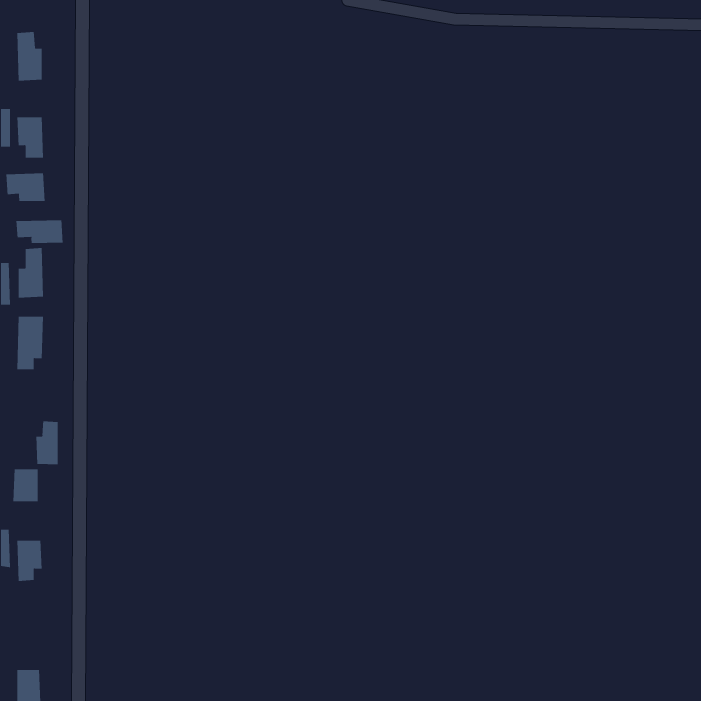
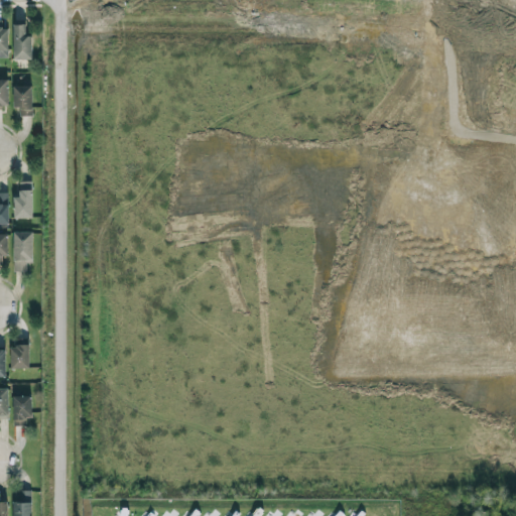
building: [6,173,45,202] -> none
building: [16,219,63,244] -> none
building: [36,421,58,465] -> none

